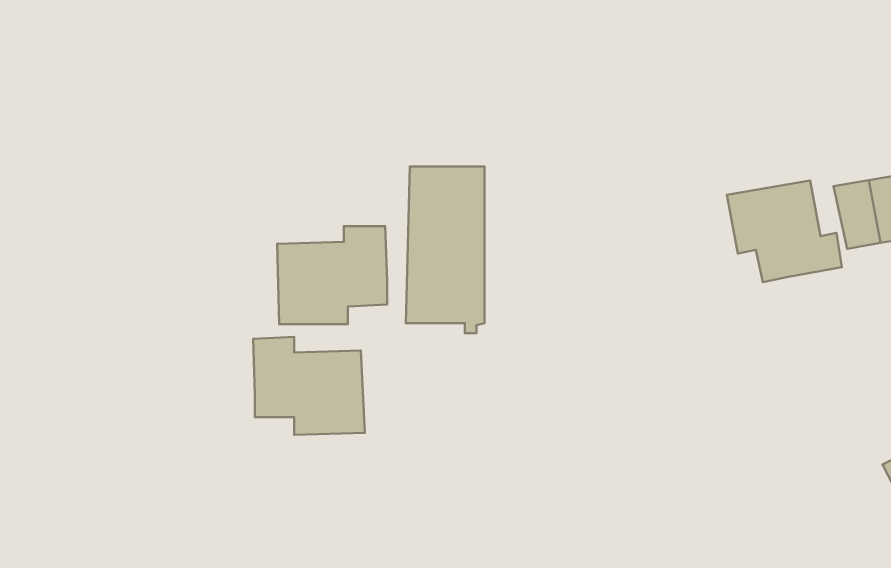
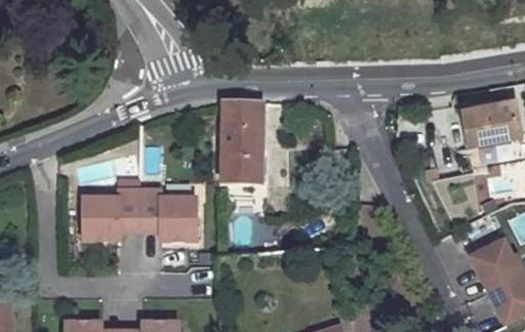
building: [727,181,842,282] -> none
building: [277,226,387,324] -> [85,190,143,241]

